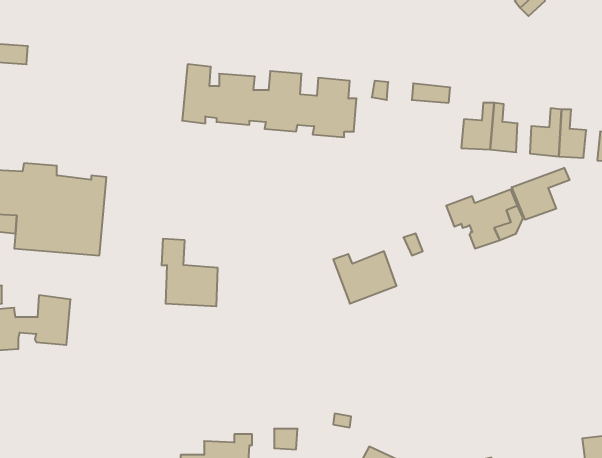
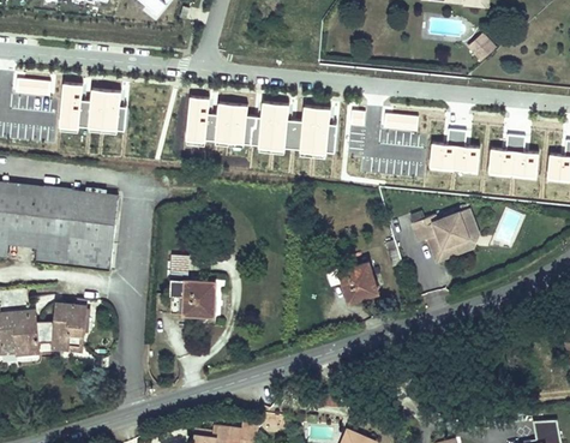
building: none -> [59,83,125,136]
building: [512,168,570,220] -> none

